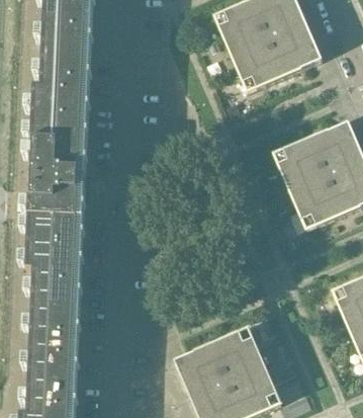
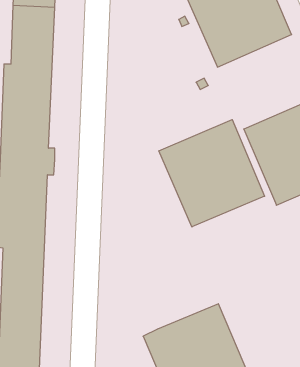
building: none -> [159,120,265,227]

